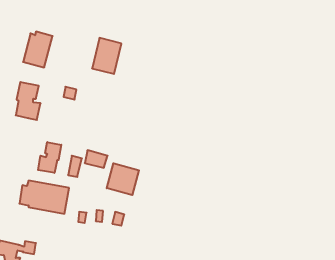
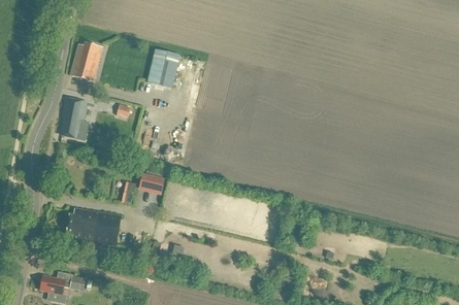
building: [38,142,61,173] -> none
building: [107,163,139,195] -> none

